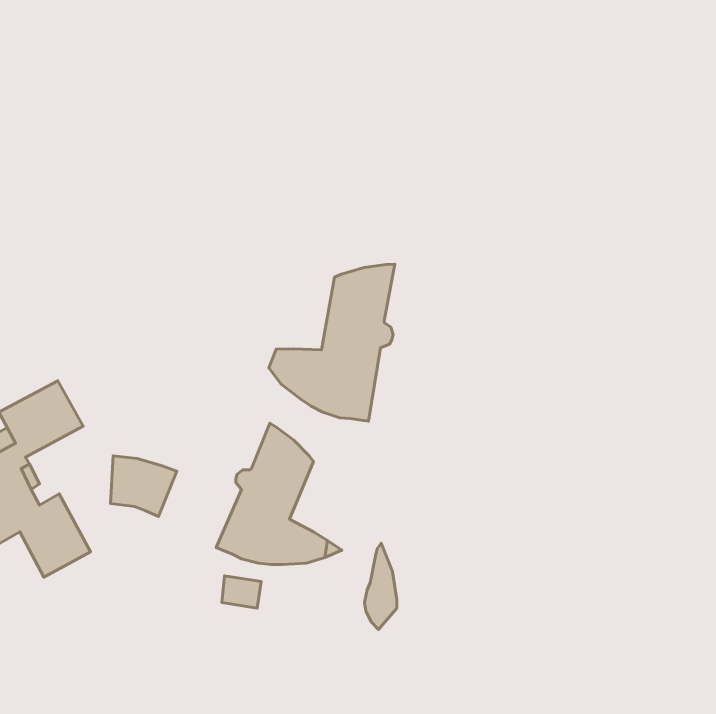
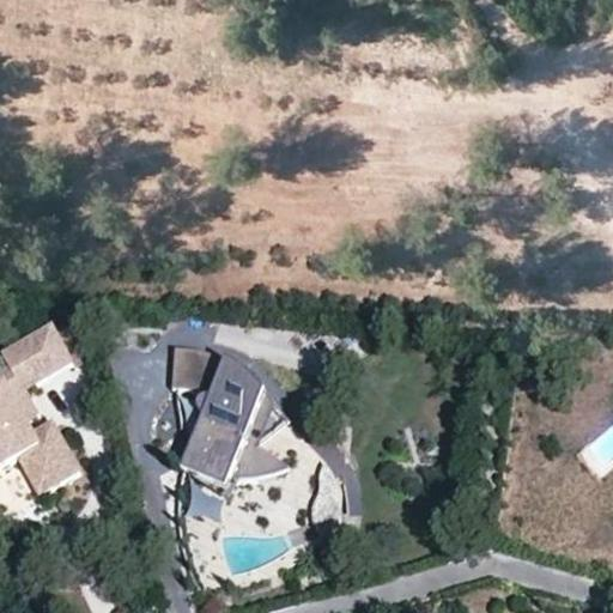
building: [269,264,395,421] -> none
building: [110,456,177,516] -> [172,346,229,397]

